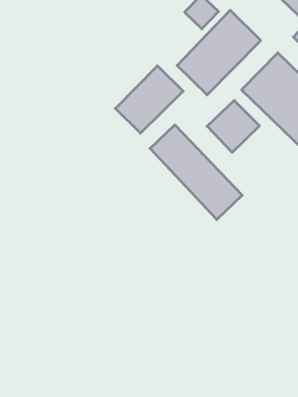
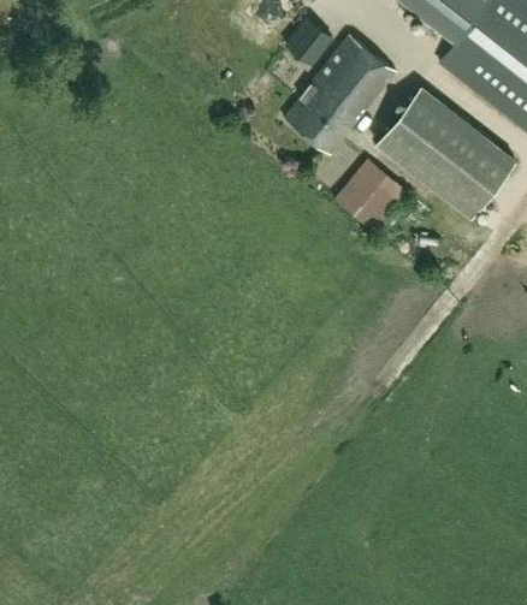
building: [115,66,183,133] -> none
building: [150,125,242,220] -> none

